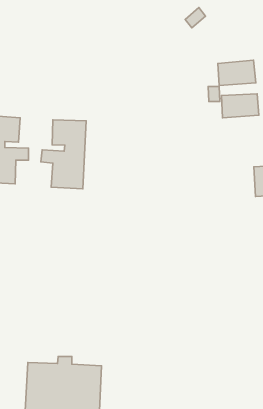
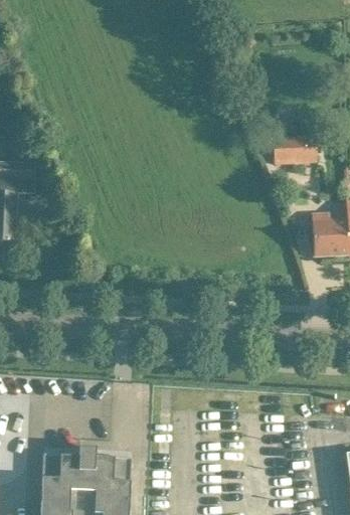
building: [218,60,256,85] -> none
building: [41,120,86,189] -> none

